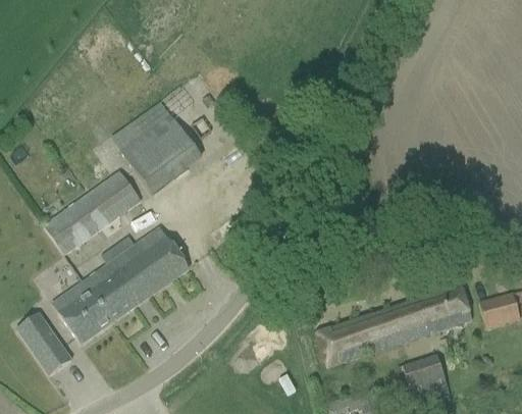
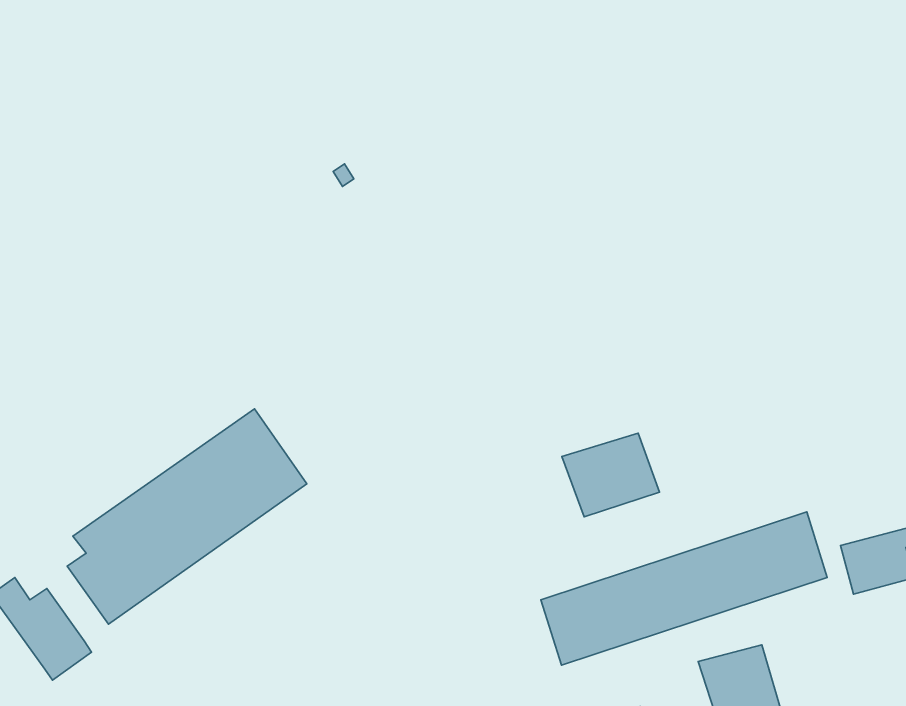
building: [118,111,198,188] -> none
building: [44,170,141,254] -> none
building: none -> [562,433,659,517]

